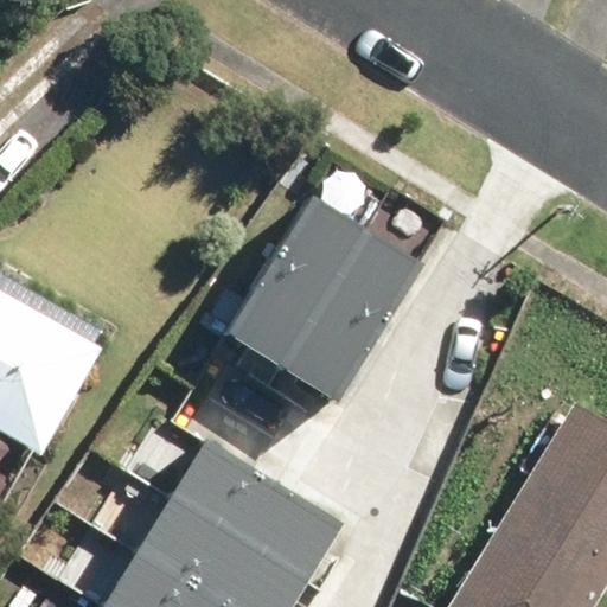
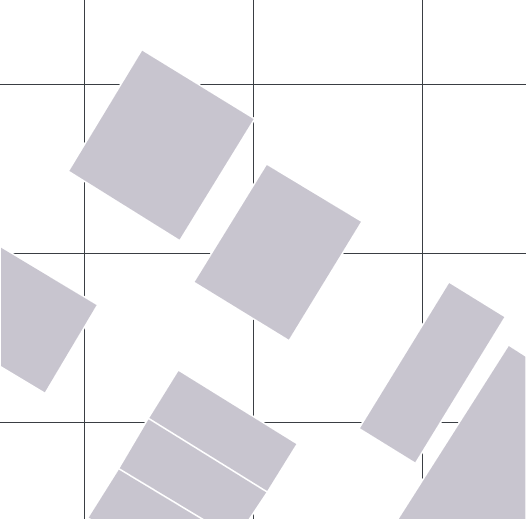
building: none -> [68,50,255,241]
building: none -> [359,282,505,463]

